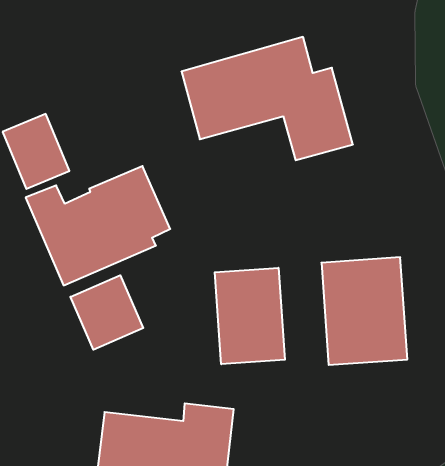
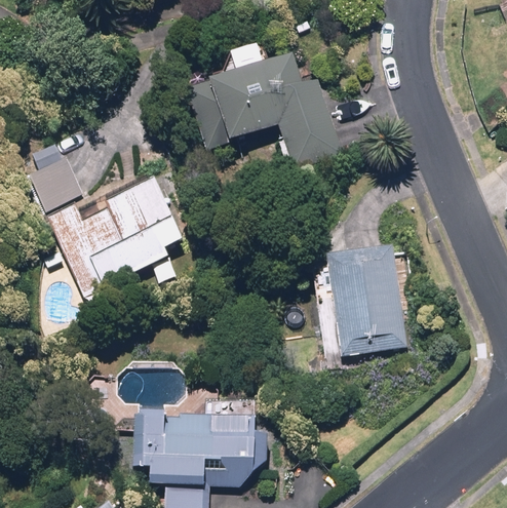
building: [215,268,285,364] -> none
building: [70,275,143,350] -> none

